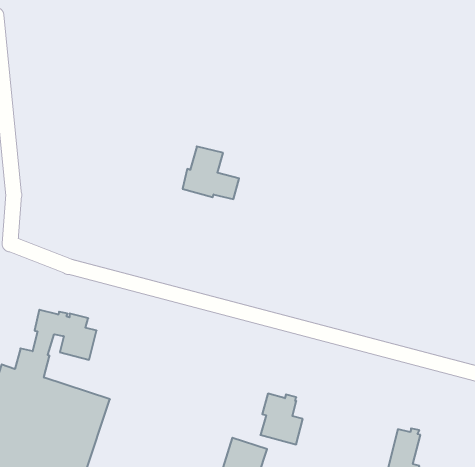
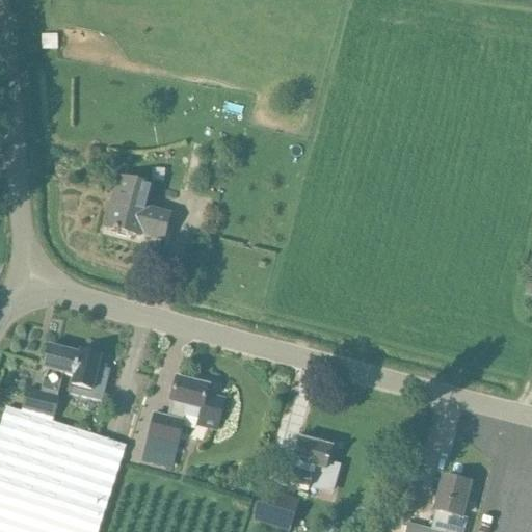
building: [183,146,239,199] -> [107,179,169,237]
building: none -> [141,377,224,468]

